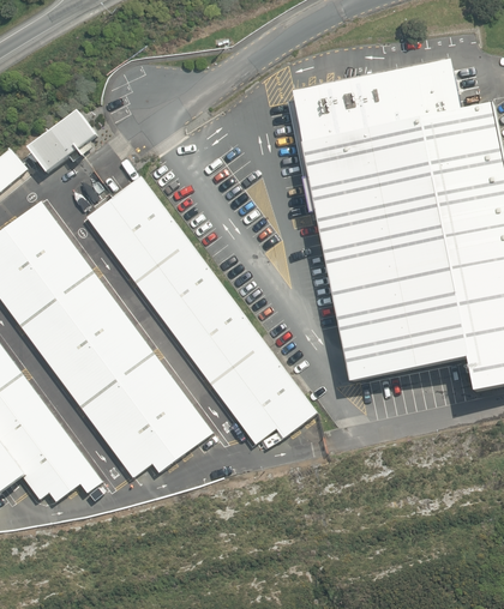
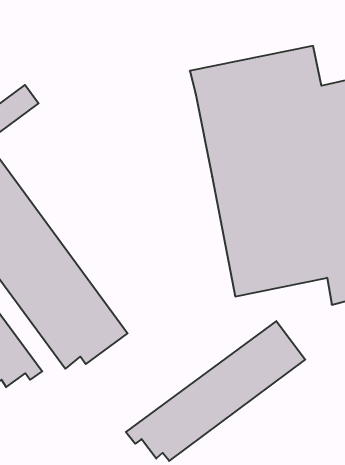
building: [85,175,317,444] -> none
building: none -> [126,321,305,461]

